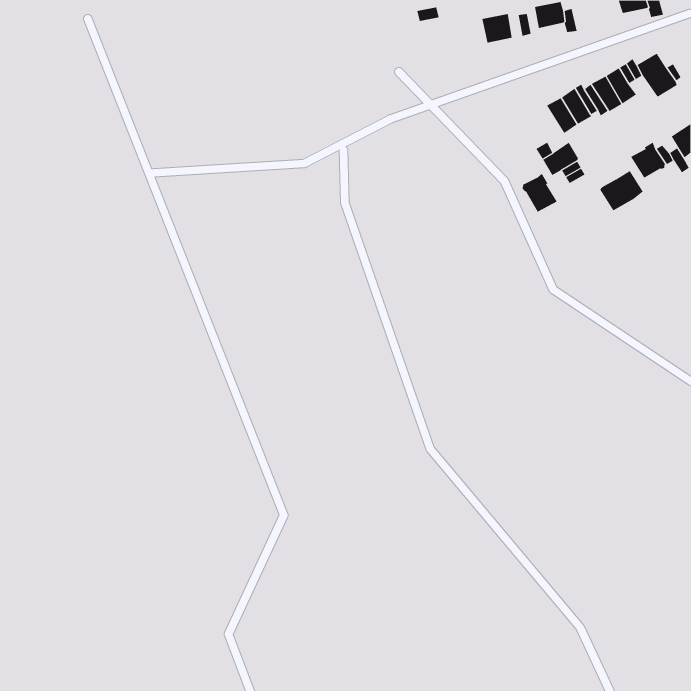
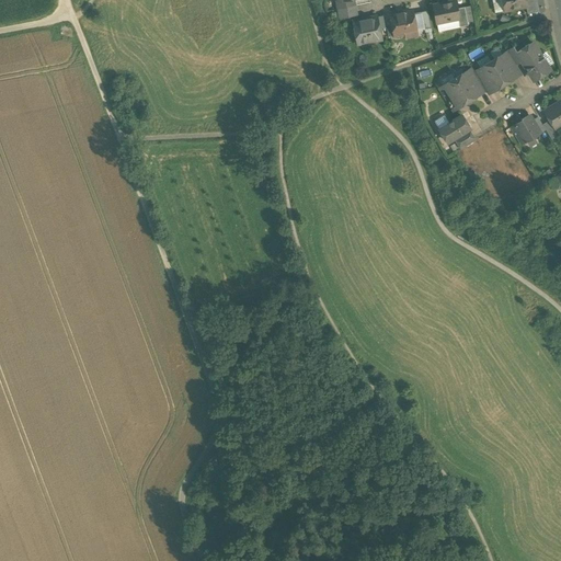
building: none -> [354,16,380,42]
building: [599,170,644,211] -> none
building: [522,173,557,212] -> none

